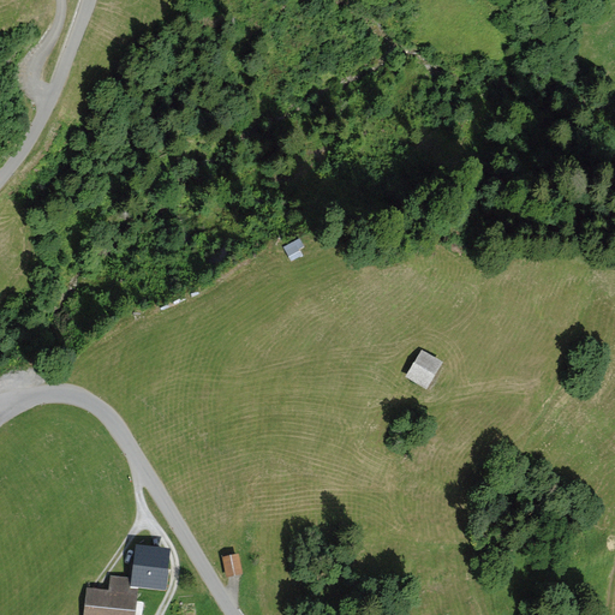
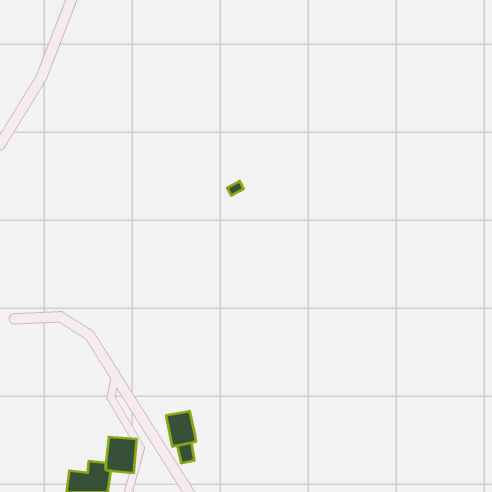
building: [405,350,442,390] -> none
building: none -> [166,411,196,447]

